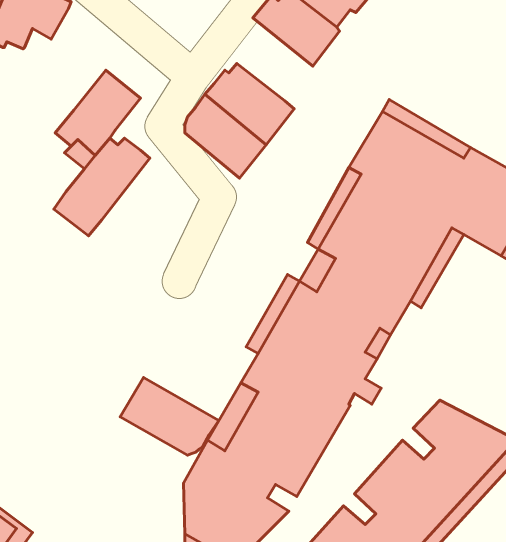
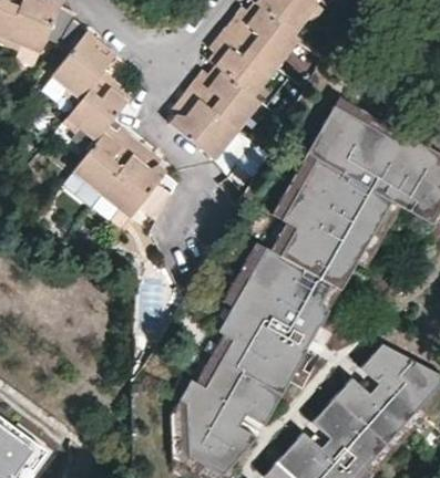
building: none -> [53,19,117,103]
building: none -> [208,27,288,105]
building: none -> [101,143,164,217]
building: [120,377,219,455] -> none

